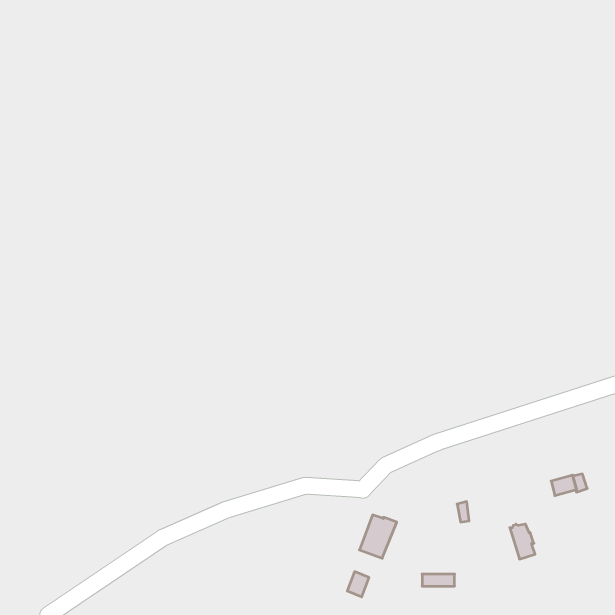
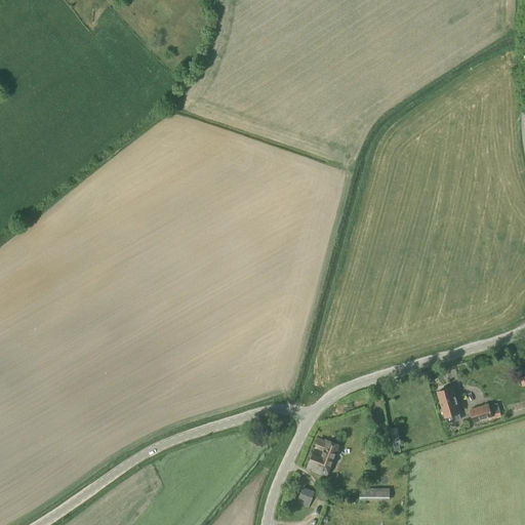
building: [510,524,535,559] -> [437,388,458,417]

